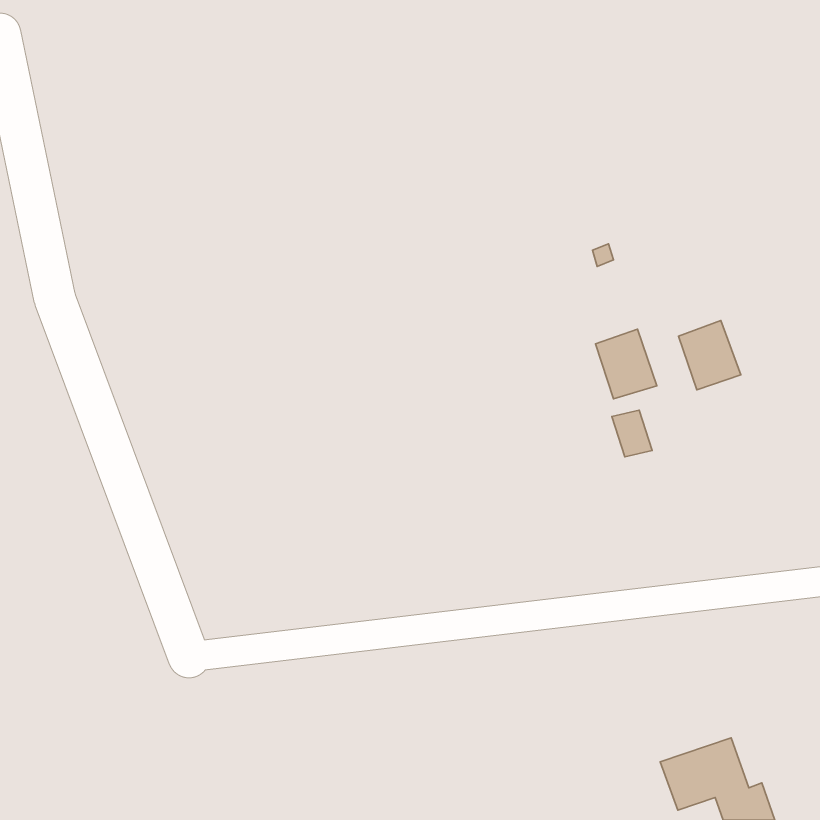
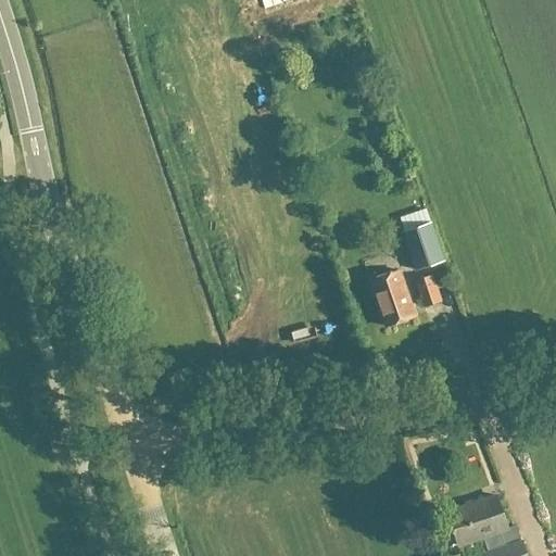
building: [679,320,741,390] -> none
building: none -> [371,271,415,327]

